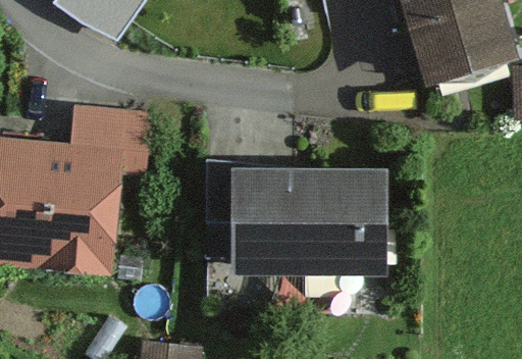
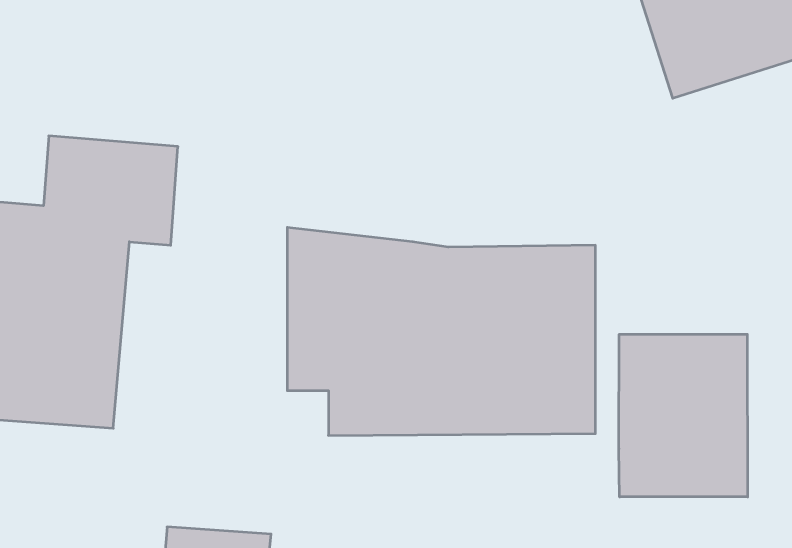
building: none -> [619,334,748,497]

